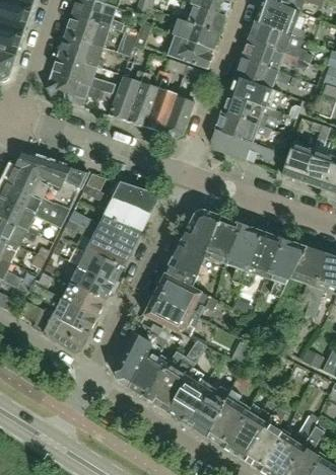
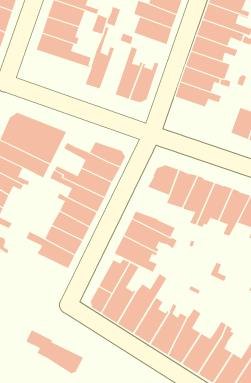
building: [127,69,163,127] -> none
building: [47,74,116,106] -> none
building: [211,130,276,162] -> none
building: [169,236,209,274] -> none
building: [20,300,89,352] -> [26,329,84,374]

